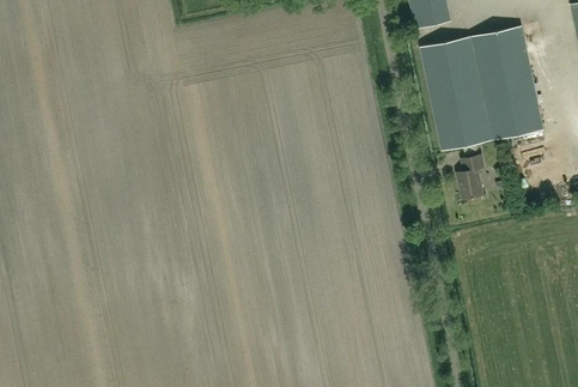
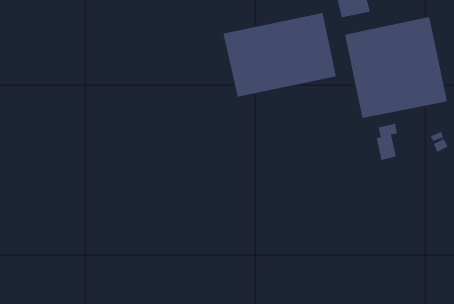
building: none -> [223,12,337,98]

